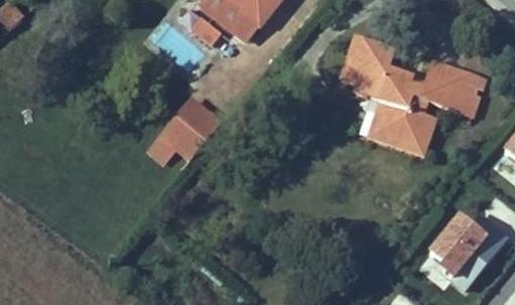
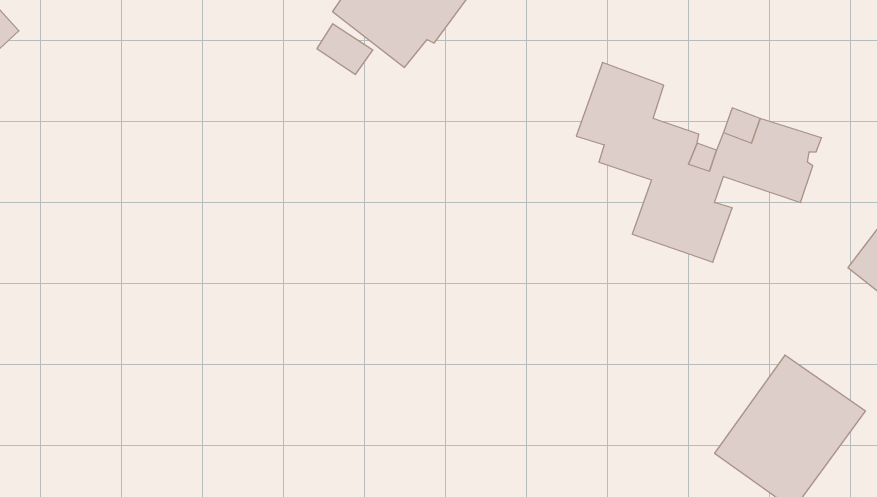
building: [149,103,221,163] -> none

